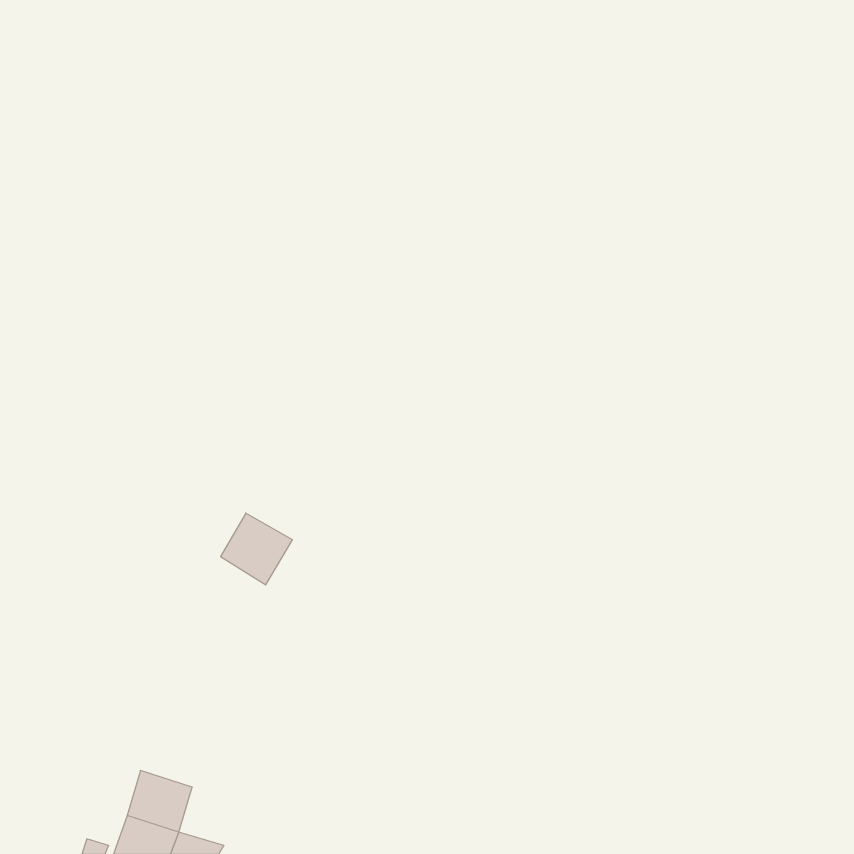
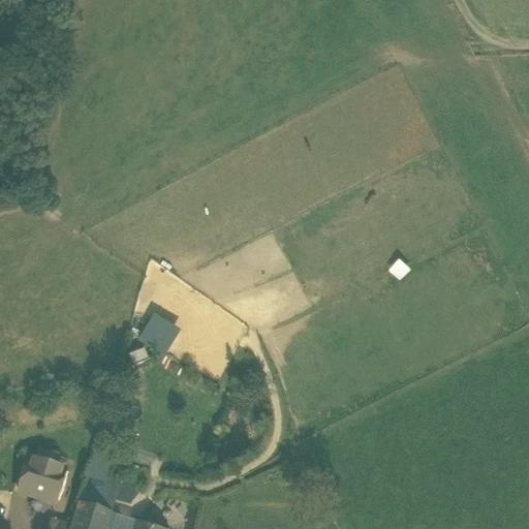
building: none -> [19,461,64,504]

